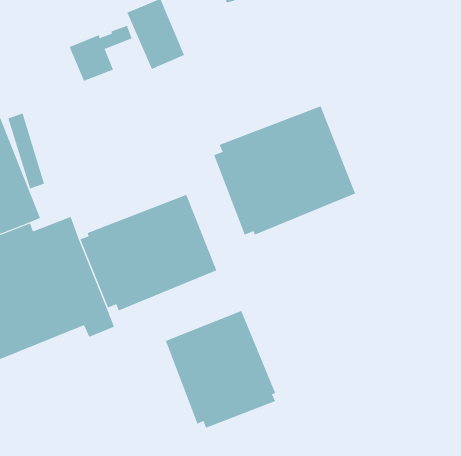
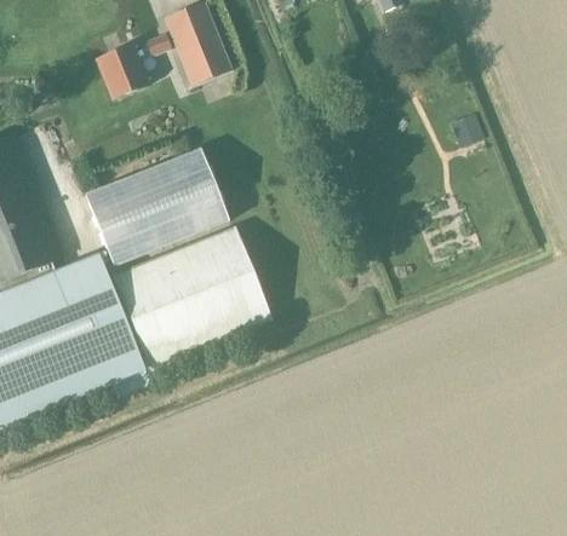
building: [214,105,356,235] -> none
building: none -> [84,146,229,266]
building: [165,310,276,429] -> none

